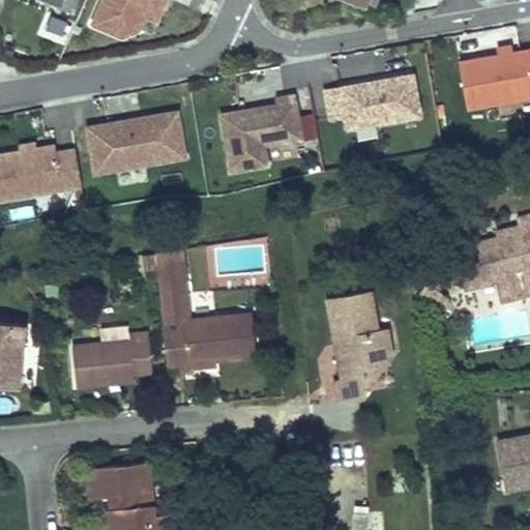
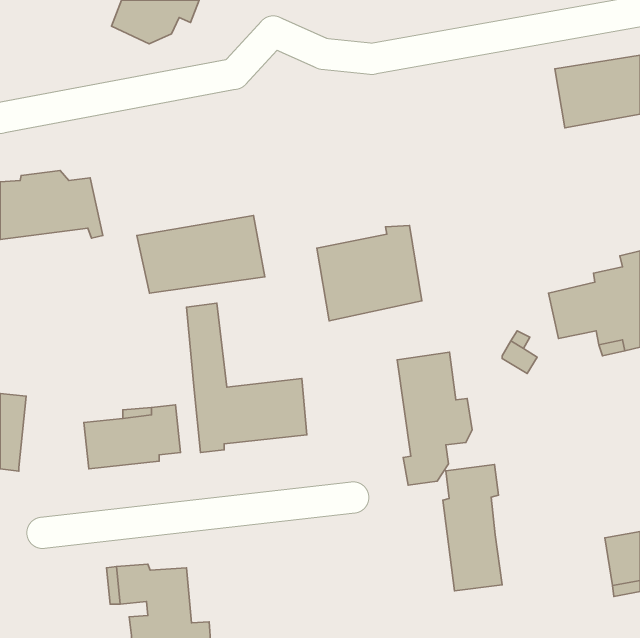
building: [323,72,420,128] -> none
building: [219,94,306,173] -> [317,226,422,321]
building: [84,108,189,172] -> [137,215,265,293]
building: none -> [443,464,502,591]

